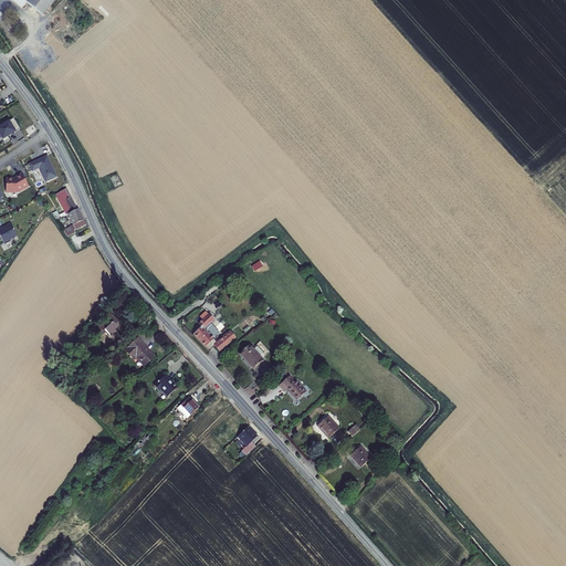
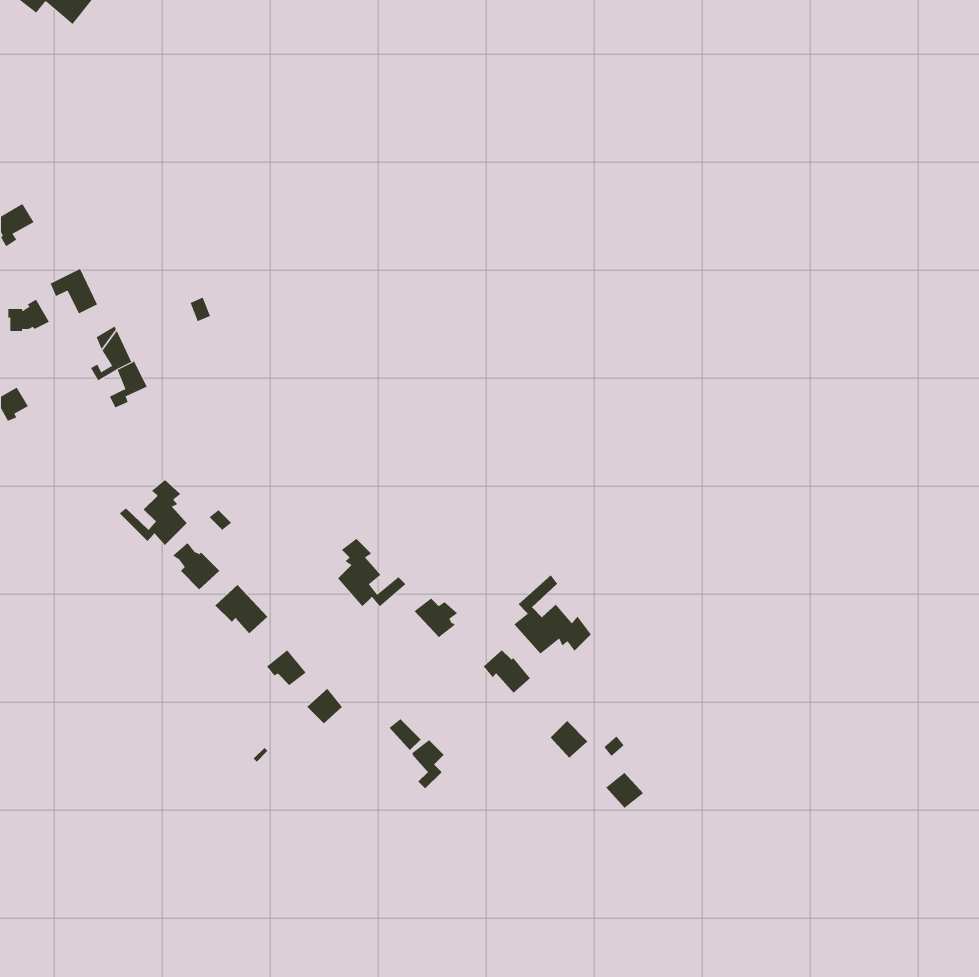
building: none -> [119,479,187,546]
building: none -> [514,575,591,654]

